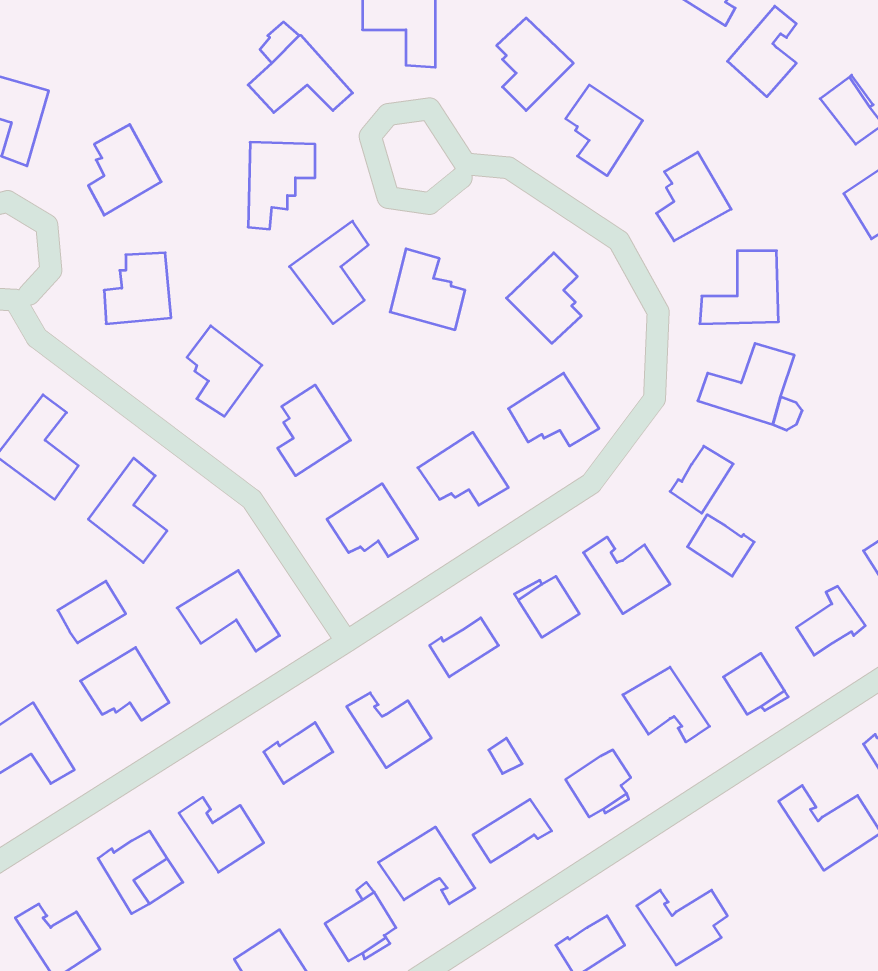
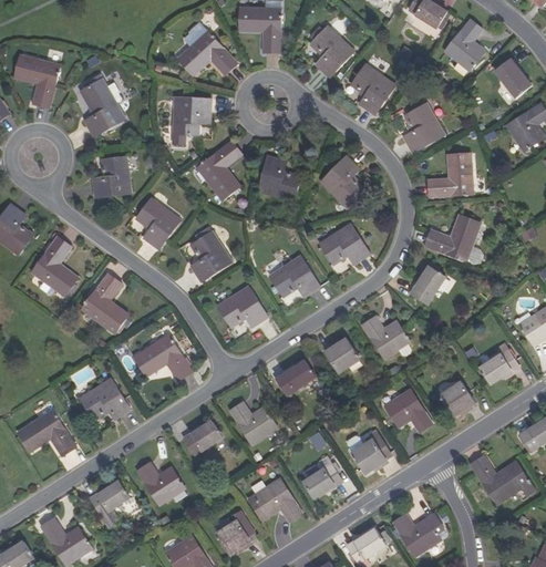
building: [687,515,754,576] -> none
building: [58,581,126,643] -> none

